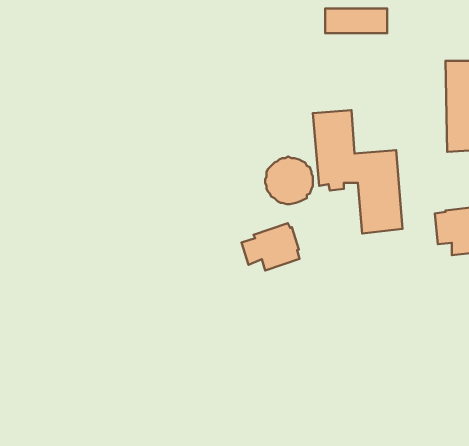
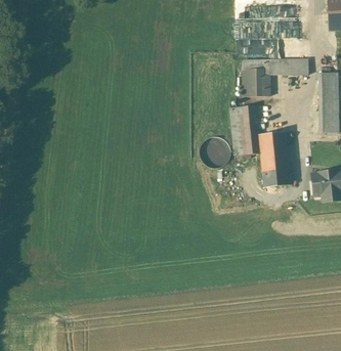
building: none -> [244,57,309,95]
building: [241,223,300,270] -> none

